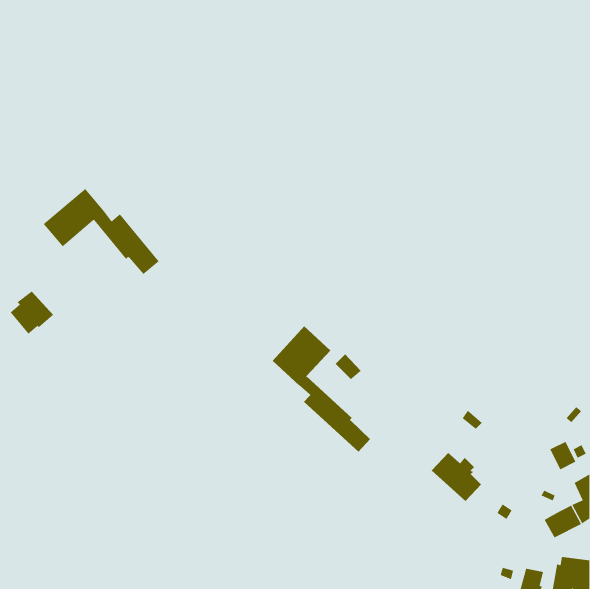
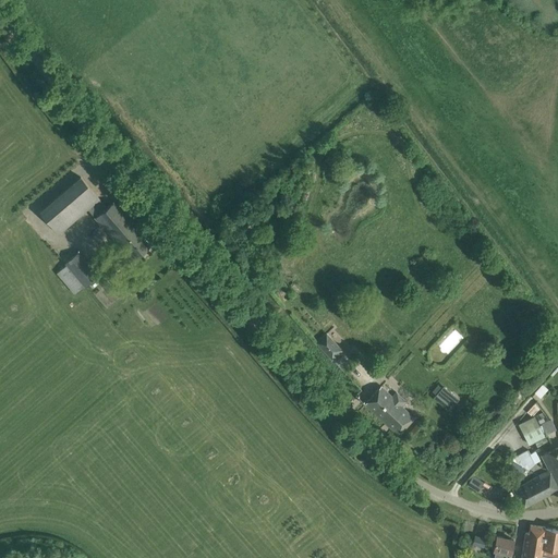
building: [10,291,54,335] -> [57,253,98,294]
building: [272,325,371,452] -> none
building: [431,452,482,502] -> [364,388,412,435]

